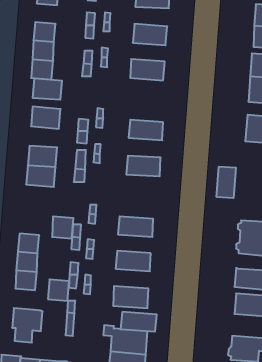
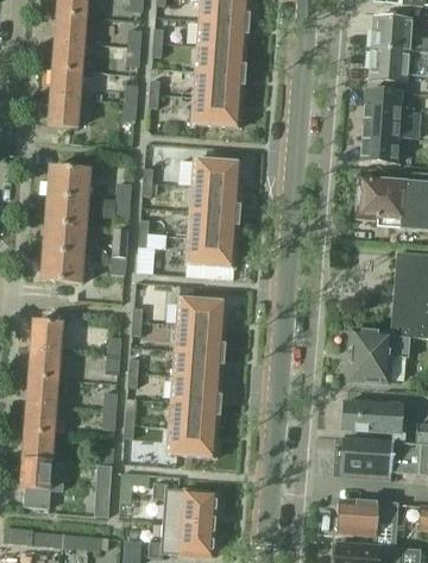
building: none -> [54,15,86,45]
building: none -> [197,20,247,49]
building: none -> [193,73,243,100]
building: [33,78,62,100] -> [45,194,88,225]
building: none -> [191,157,241,188]
building: none -> [188,211,238,239]
building: [217,167,236,198] -> none
building: none -> [176,298,227,329]
building: [52,216,73,239] -> [31,320,62,352]
building: none -> [172,351,224,379]
building: [48,279,69,301] -> [23,430,54,461]
building: [121,312,157,332] -> [168,401,220,430]

